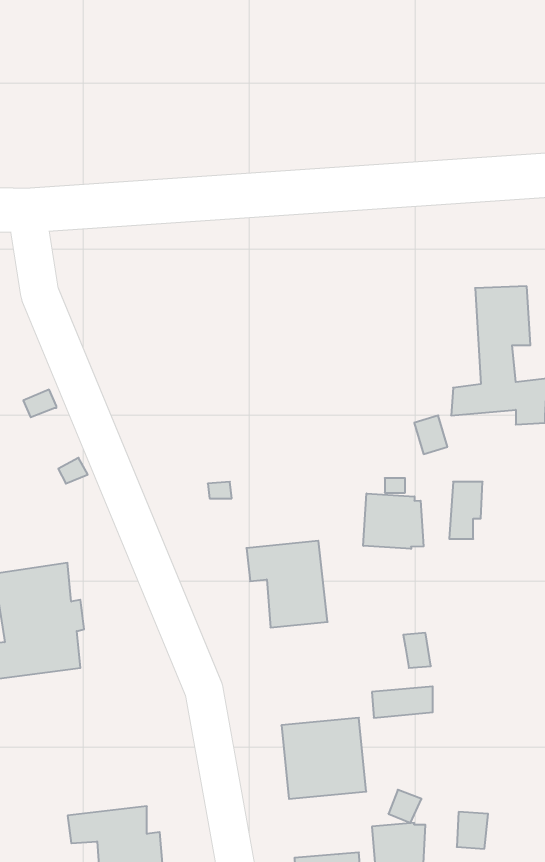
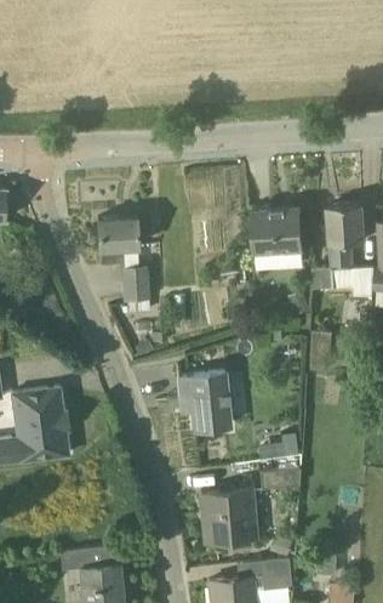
building: none -> [252,206,302,271]
building: none -> [97,216,137,263]
building: none -> [122,266,149,300]
building: [363,493,424,549] -> none

